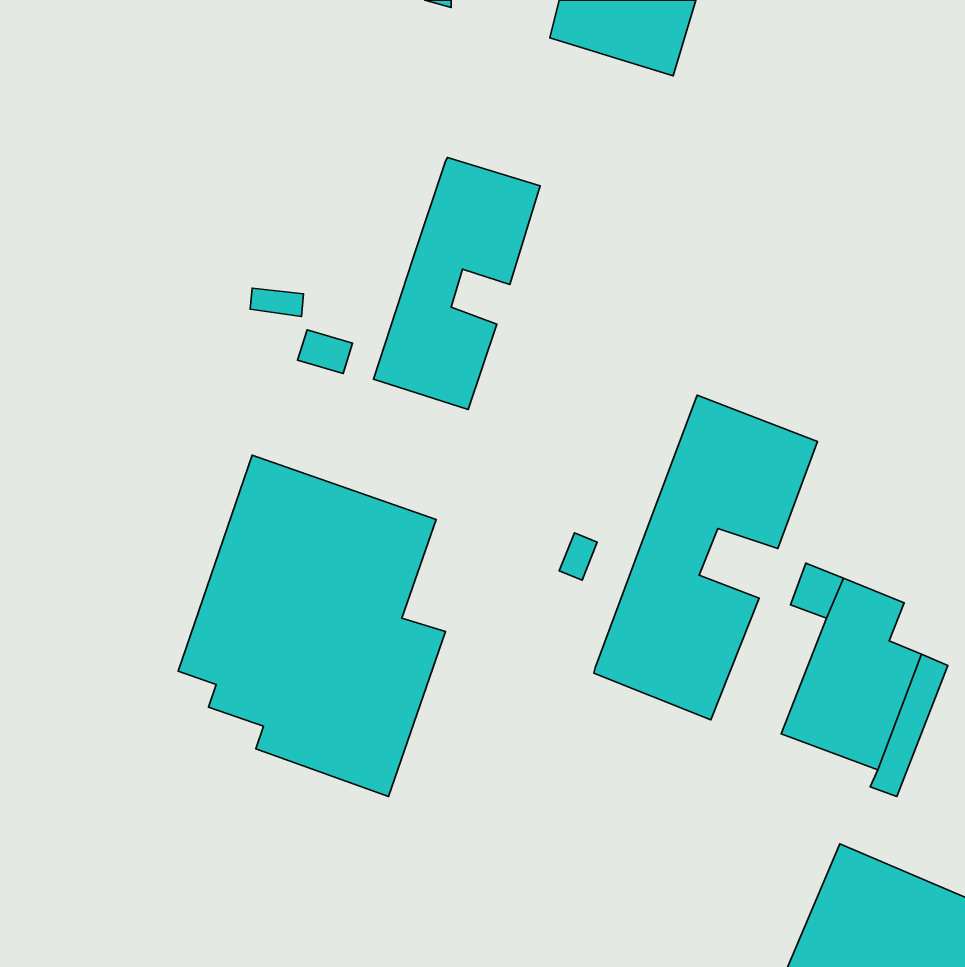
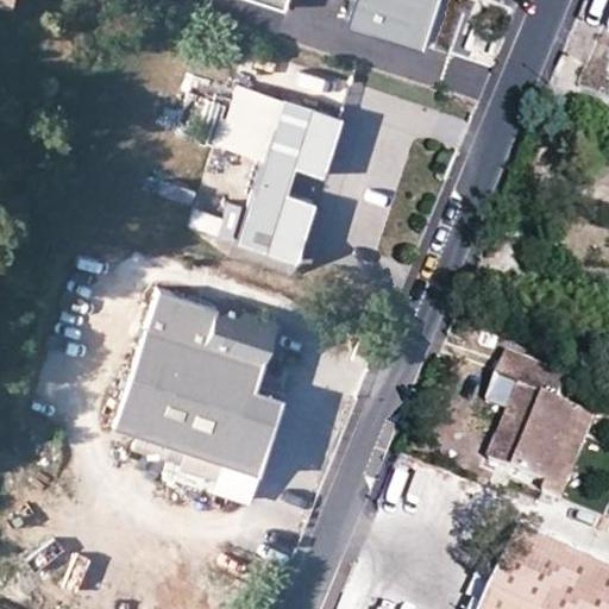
building: none -> [219,88,282,163]
building: [594,395,817,720] -> none

